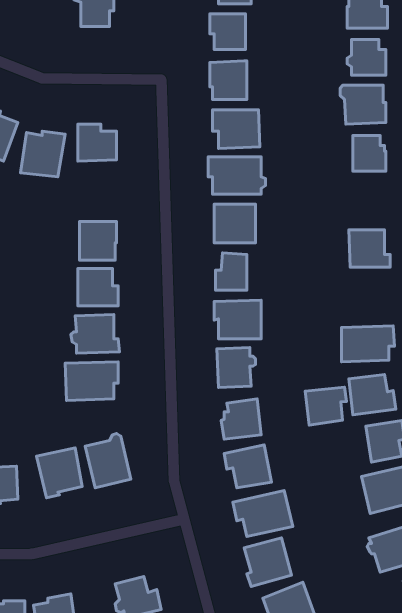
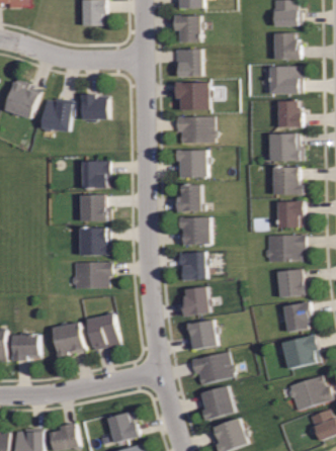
building: none -> [267,133,302,160]
building: none -> [275,201,305,227]
building: [305,387,346,425] -> none

